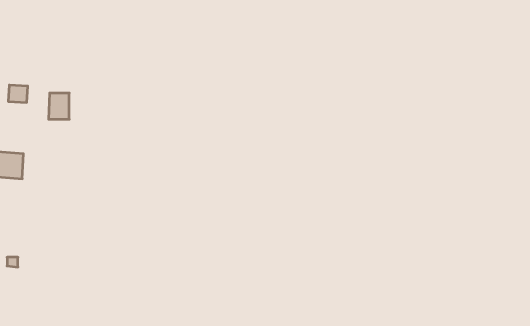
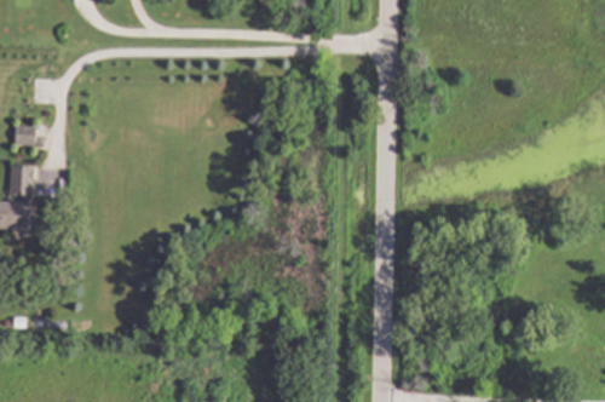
building: [49,93,69,119] -> [10,165,33,194]

